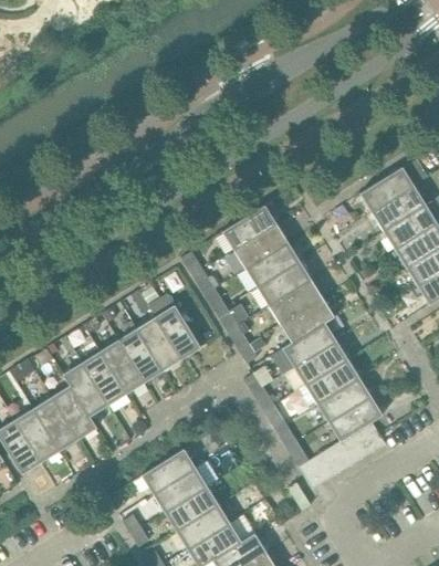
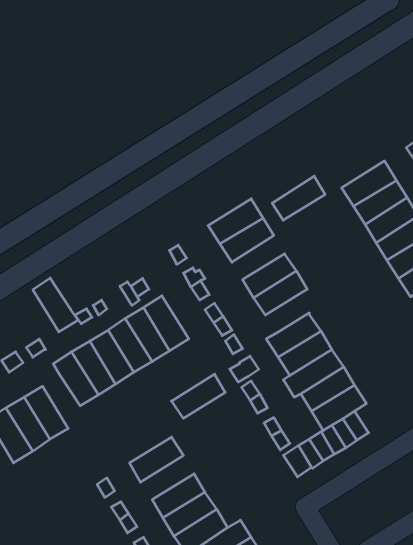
building: [245,242,300,287] -> [272,176,325,220]
building: [280,297,335,343] -> none
building: [51,385,97,440] -> [33,278,78,332]
building: [151,468,207,513] -> [171,374,225,418]

